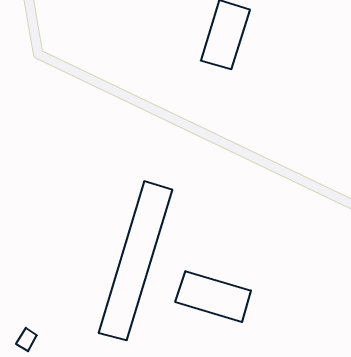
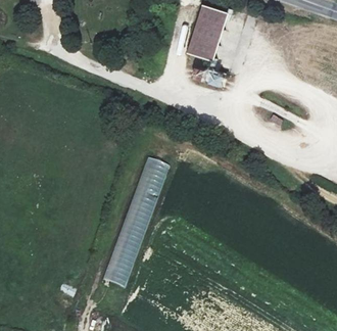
building: [175,271,251,322] -> none

